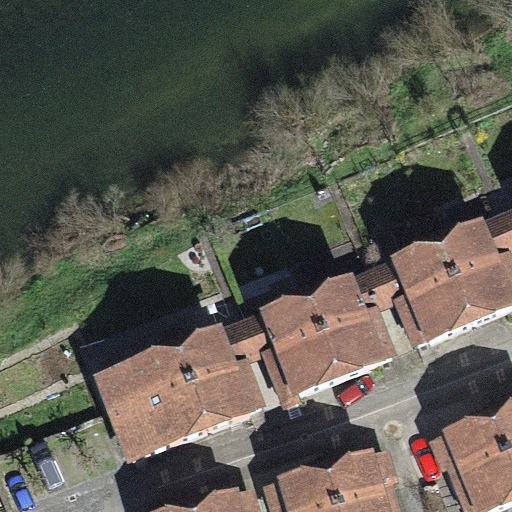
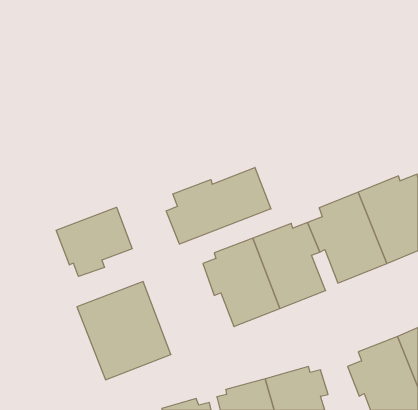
building: none -> [166,167,271,244]
building: none -> [56,207,132,276]
building: [175,322,271,433] -> none

